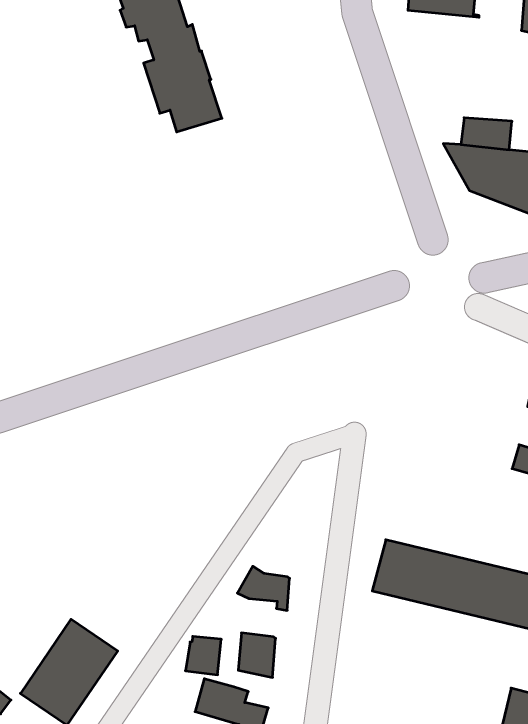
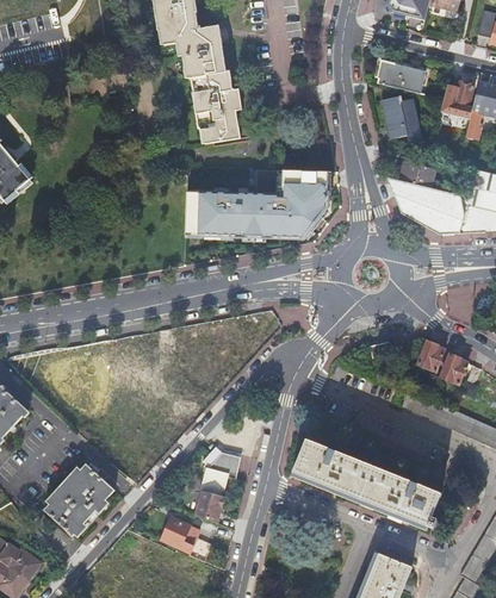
building: none -> [383,95,423,148]
building: none -> [186,168,328,236]
building: [185,636,221,675] -> [202,466,229,494]

